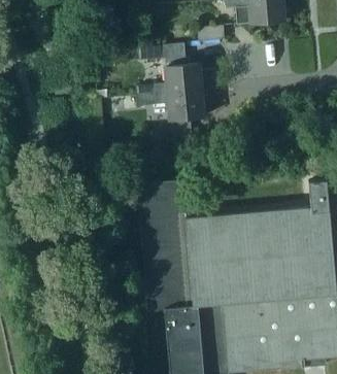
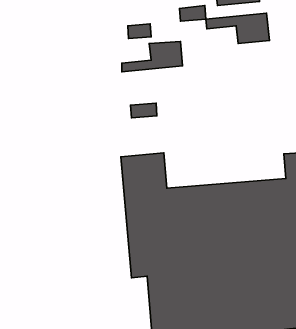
building: [137,88,204,120] -> [206,13,269,44]

